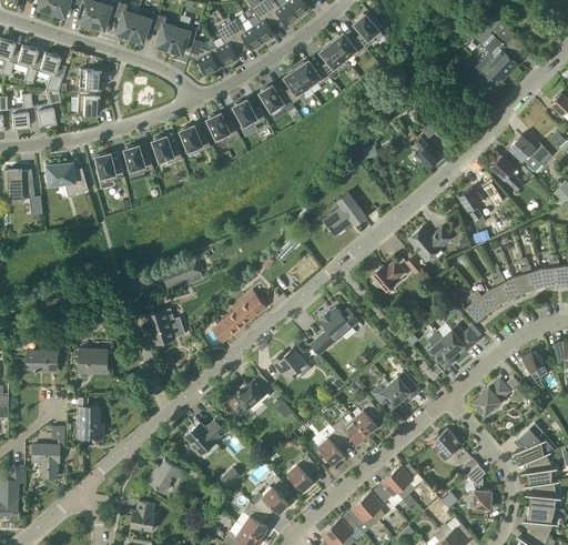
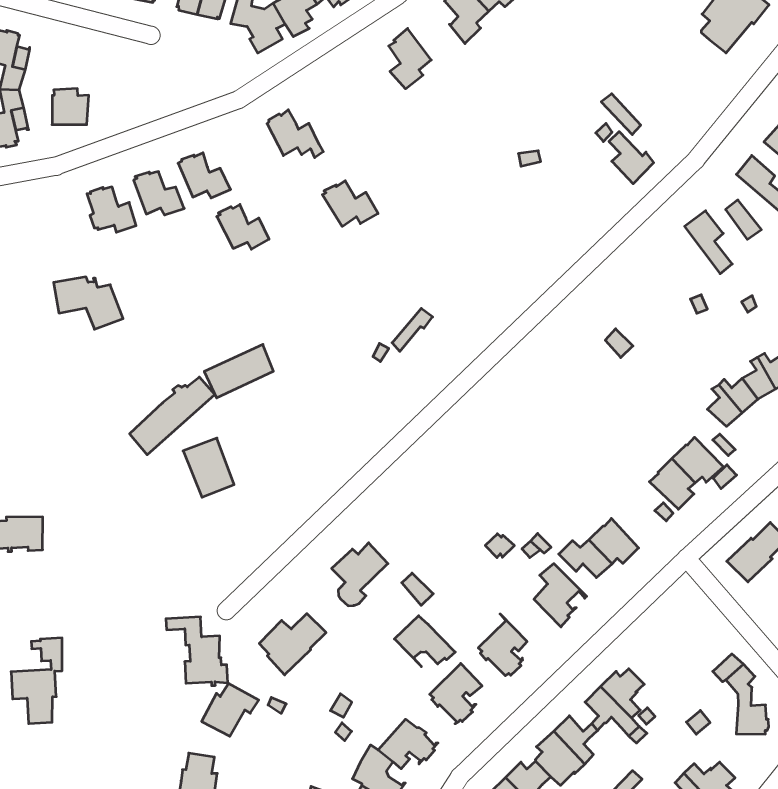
building: [296,60,331,87] -> none
building: [79,70,101,92] -> none
building: [260,84,293,112] -> none
building: [233,99,266,127] -> [322,181,378,226]
building: [180,124,211,152] -> [217,204,269,249]
building: [48,163,89,195] -> [54,277,123,329]
building: [324,193,366,236] -> none
building: [408,228,452,261] -> none
building: [371,261,405,292] -> none
building: [213,296,266,342] -> [130,377,215,455]
building: [311,307,358,355] -> none
building: [272,347,306,382] -> none
building: [79,349,108,373] -> none
building: [68,397,103,440] -> [166,617,228,686]
building: [333,413,369,444] -> [394,616,455,667]
building: [428,428,460,461] -> none

